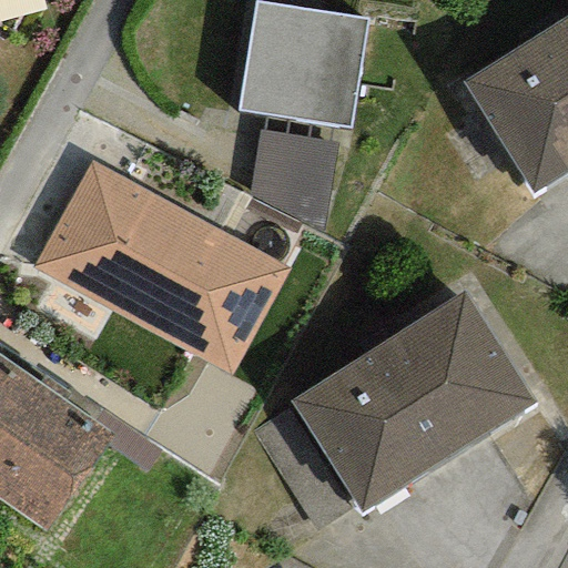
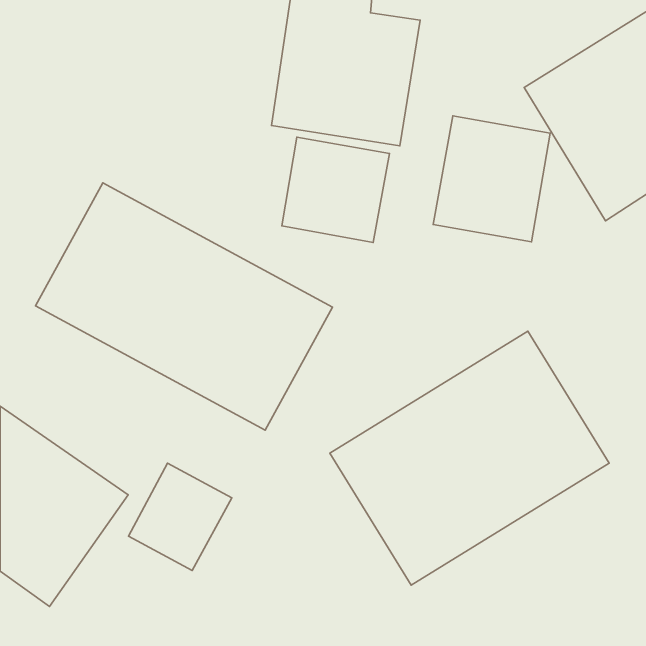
building: none -> [433,116,550,242]
building: none -> [129,463,232,570]

